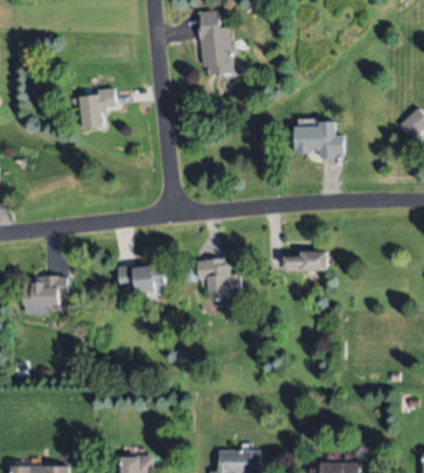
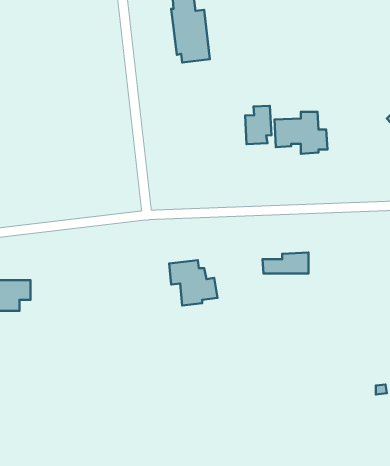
building: [79,88,117,129] -> none
building: none -> [245,106,272,144]
building: [117,265,167,293] -> none

